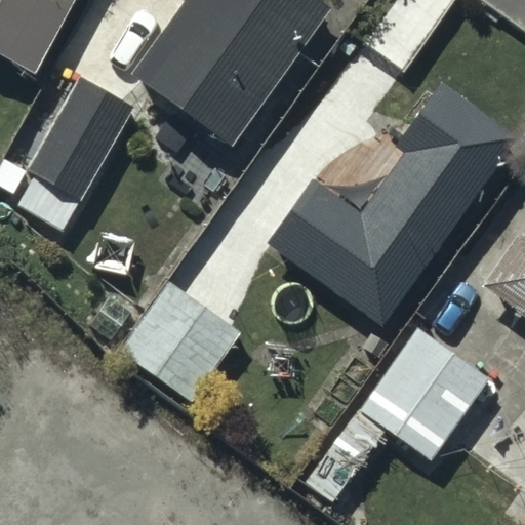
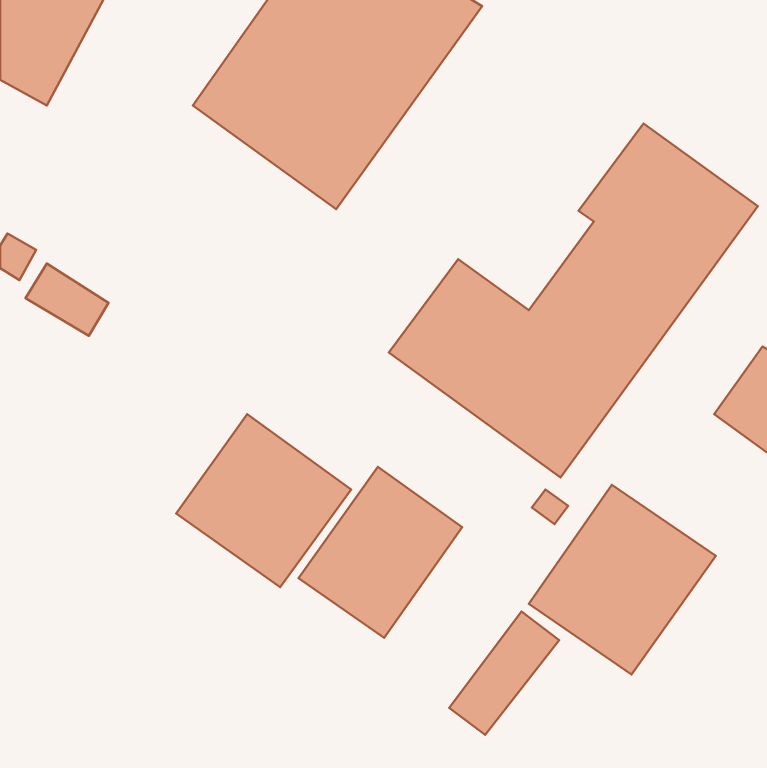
building: [27,77,133,199] -> none
building: none -> [298,467,462,638]

